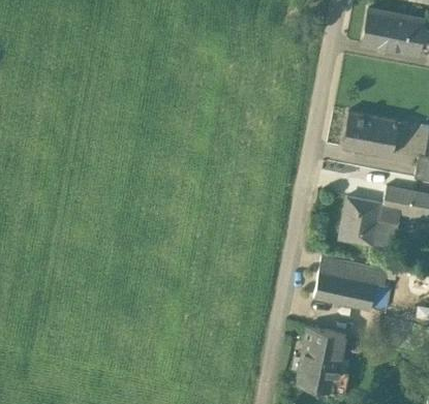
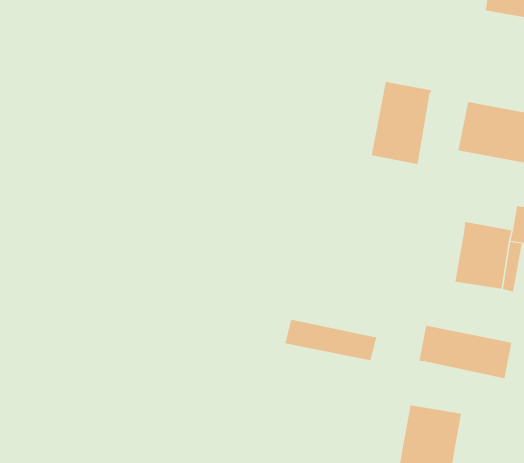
building: none -> [371,81,432,165]
building: [320,254,387,284] -> [285,319,377,361]

